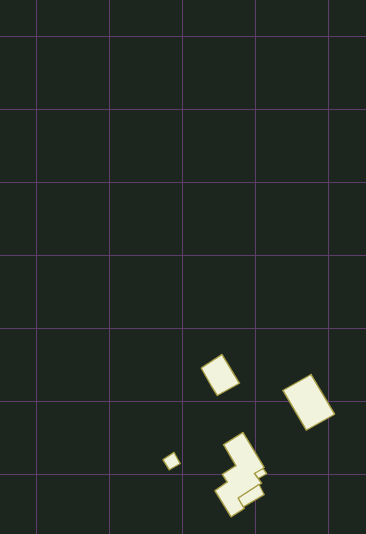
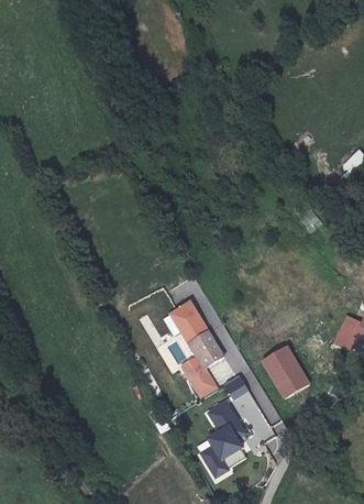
building: none -> [170,300,208,342]
building: none -> [184,360,214,395]

